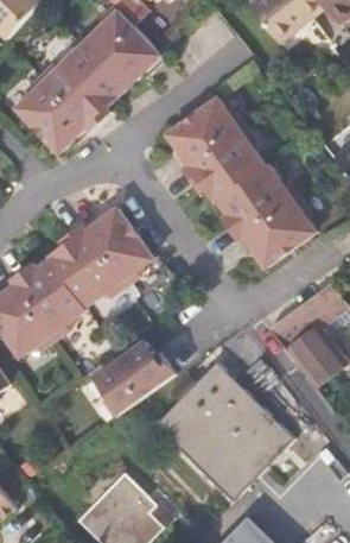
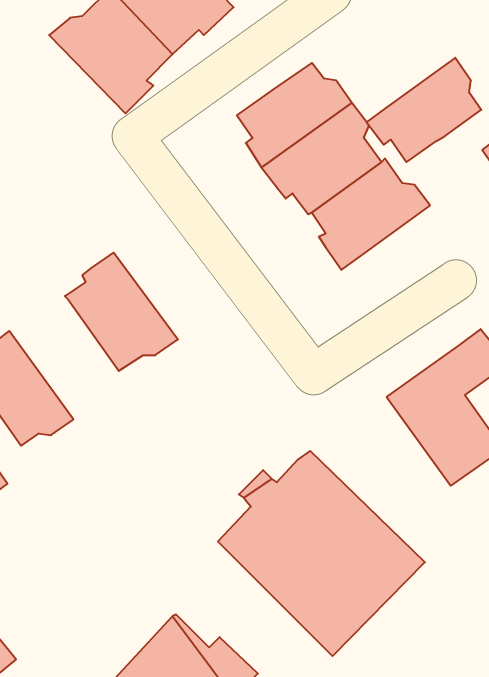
building: [14,77,90,153] -> none
building: [237,194,316,265] -> [367,58,481,162]
building: [82,208,153,285] -> none
building: [11,258,88,340] -> none
building: [93,340,176,417] -> none

